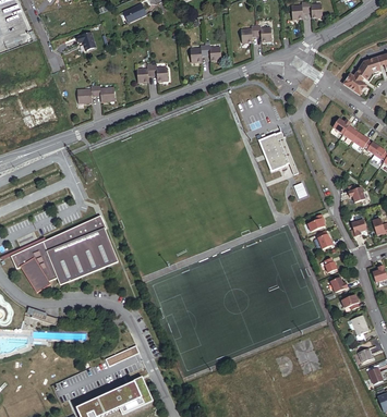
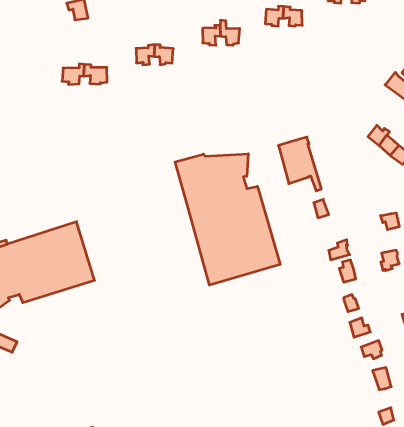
building: none -> [175,154,280,285]

